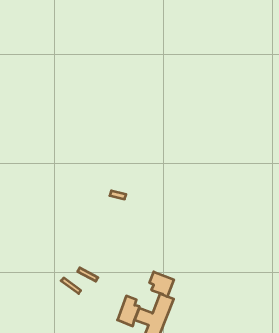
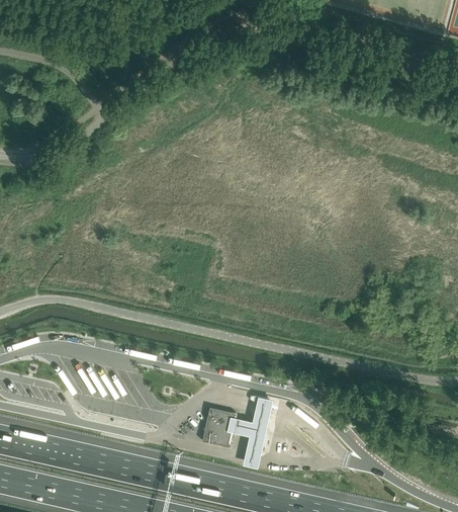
building: [150,272,174,297] -> none

